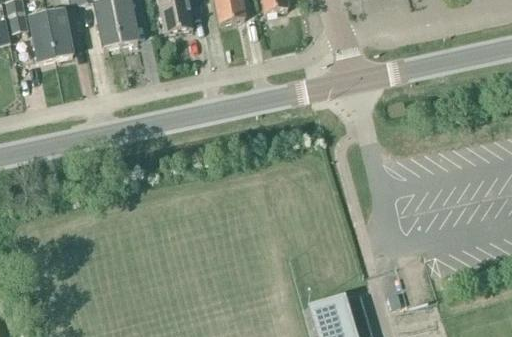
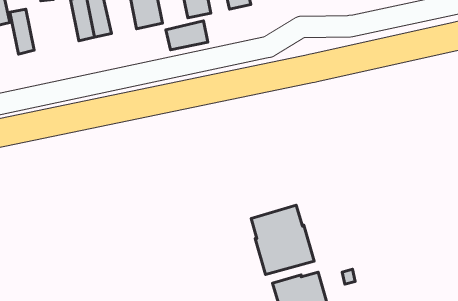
building: [45,7,71,55] -> none
building: none -> [166,21,208,50]
building: none -> [251,205,314,275]

